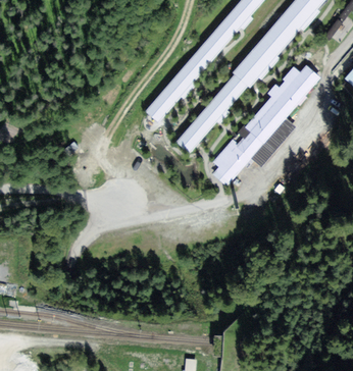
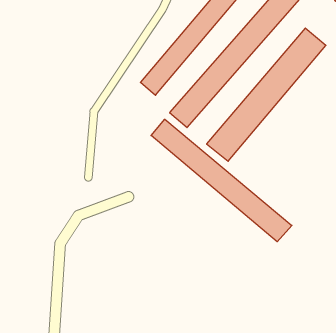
building: none -> [151,119,292,242]

